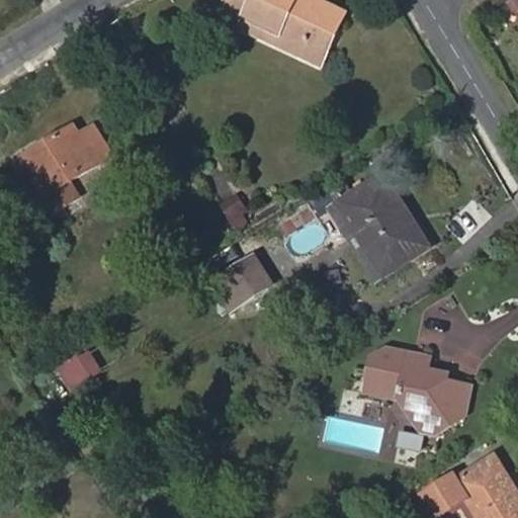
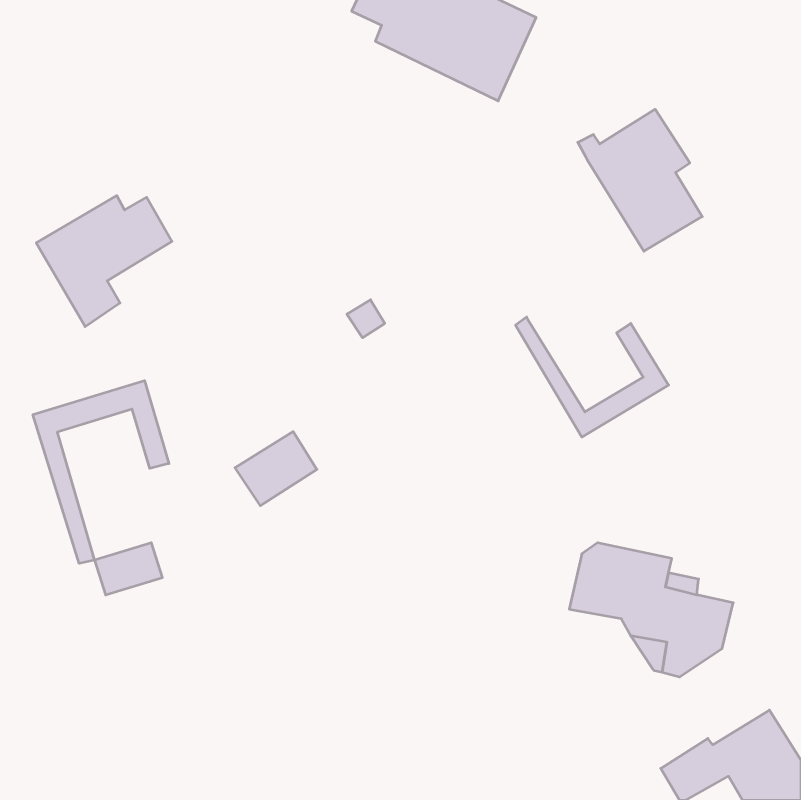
building: [333,173,413,264] -> [578,109,702,251]
building: none -> [33,381,169,563]
building: [215,259,268,307] -> [235,432,317,506]

